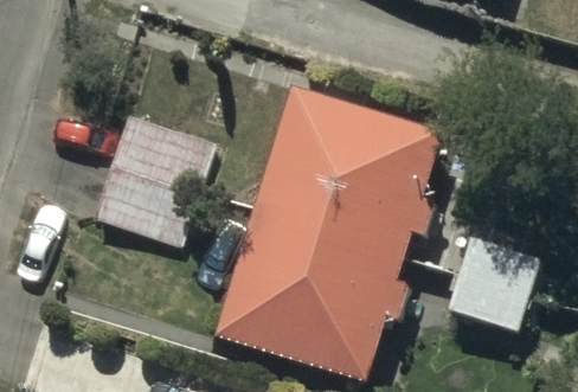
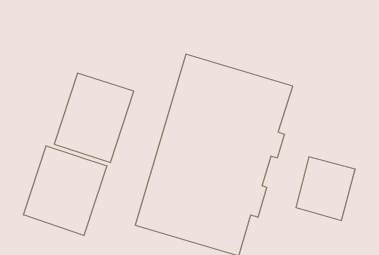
building: none -> [23,146,107,236]

